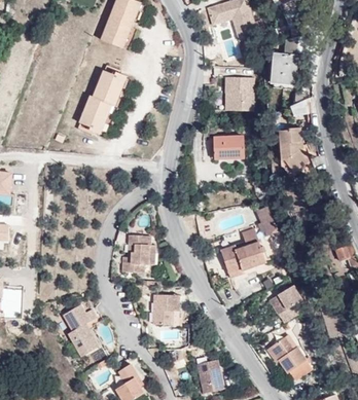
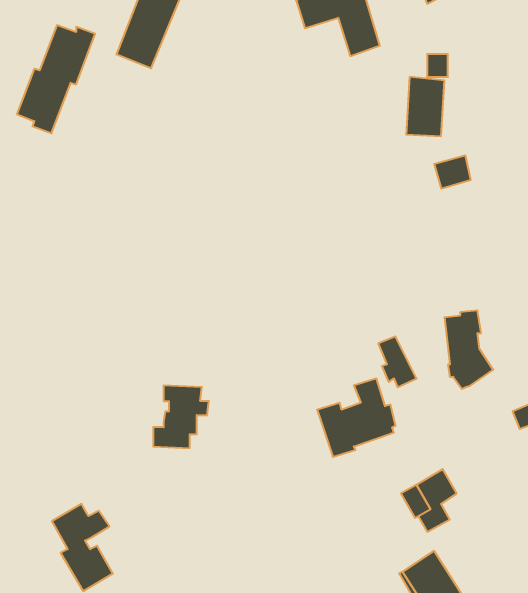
building: [79,71,126,135] -> [17,25,95,133]
building: [223,78,251,111] -> none
building: [279,126,308,173] -> [444,310,493,389]
building: [212,136,243,158] -> none
building: [153,294,180,325] -> none

